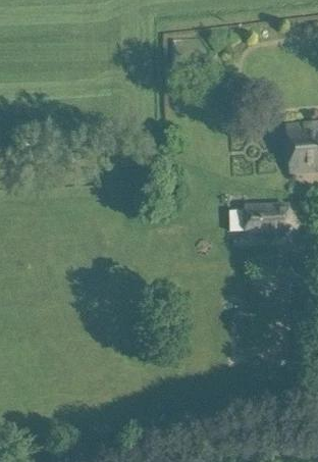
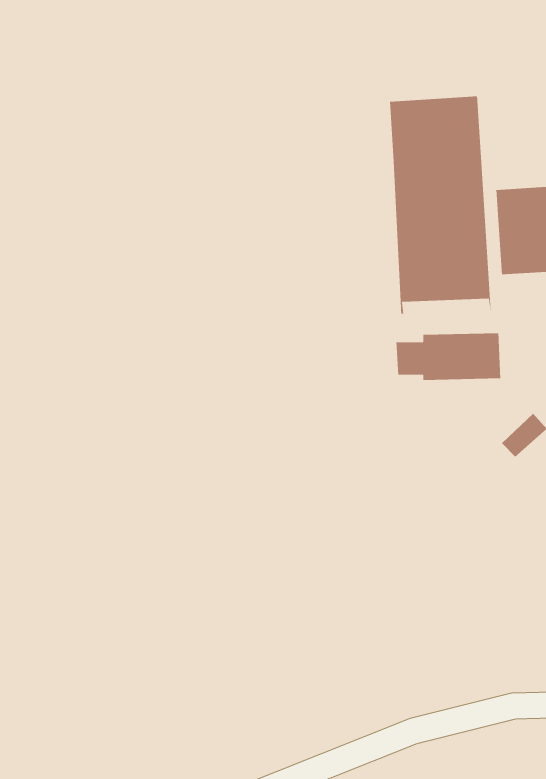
building: none -> [389,96,492,315]

